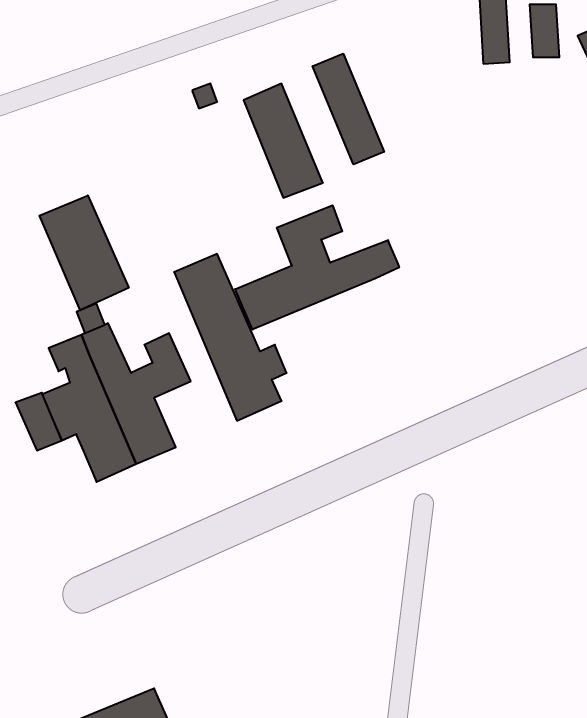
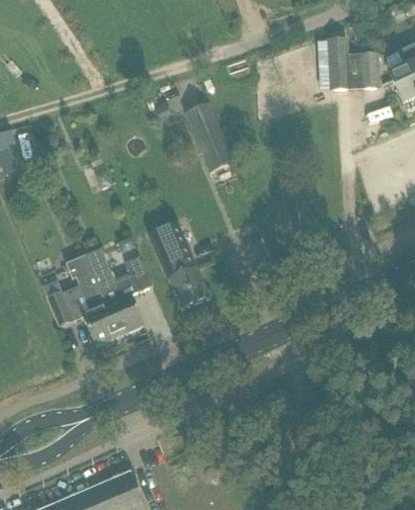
building: [313,54,384,164] -> none
building: [39,195,129,310] -> none
building: [235,205,399,330] -> none

